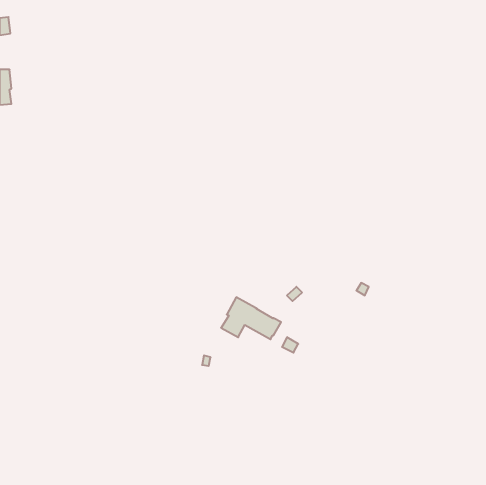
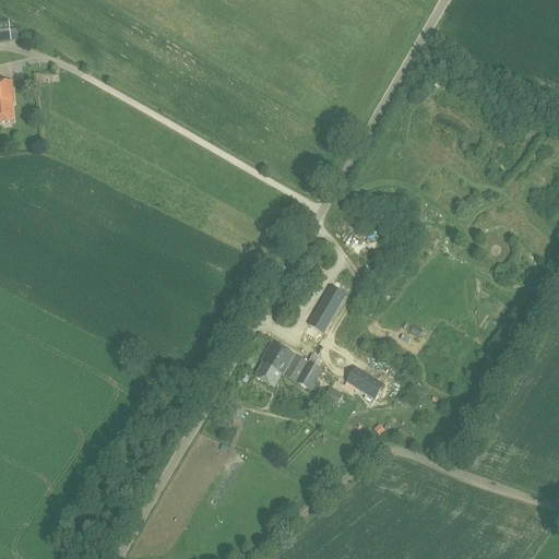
building: none -> [308,285,345,332]
building: none -> [345,366,382,399]

